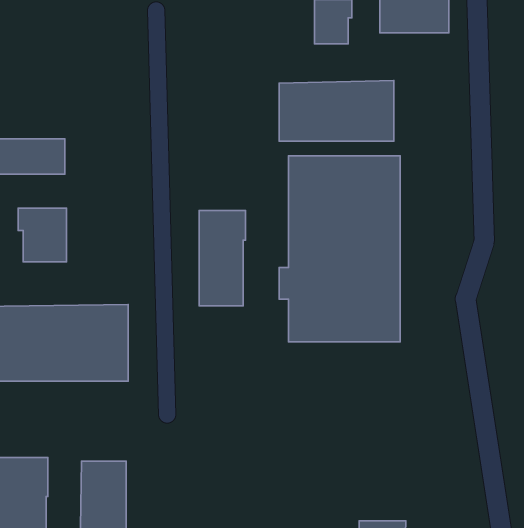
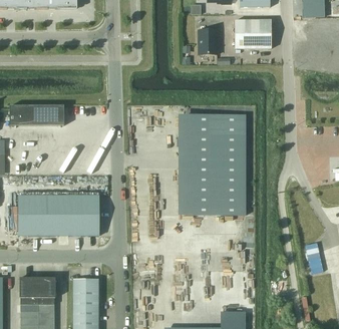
building: [279,81,394,141] -> none
building: [18,208,67,262] -> none
building: [199,211,245,306] -> none

